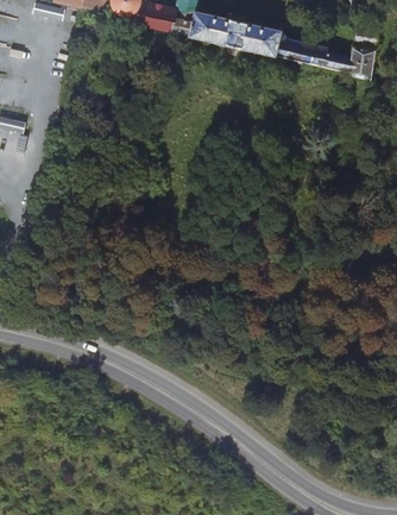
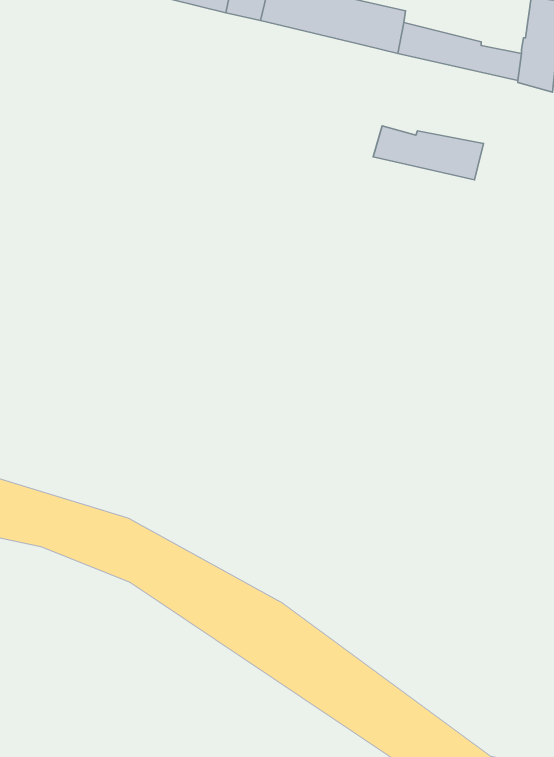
building: none -> [373,126,484,180]

